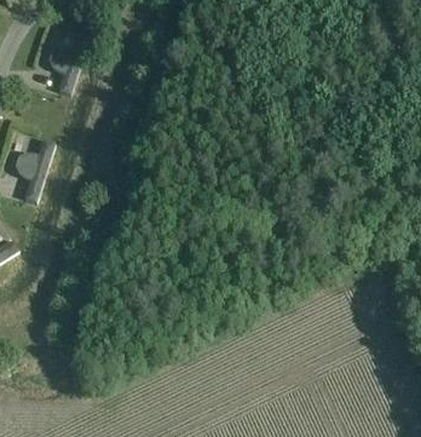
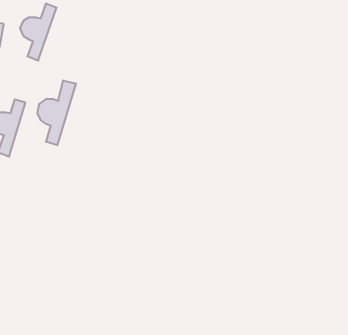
building: none -> [37,80,76,145]

